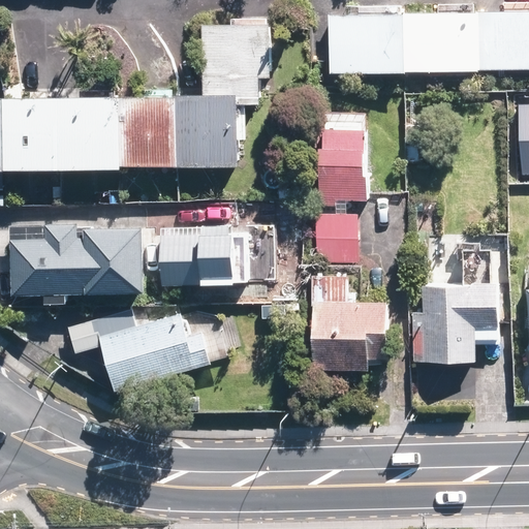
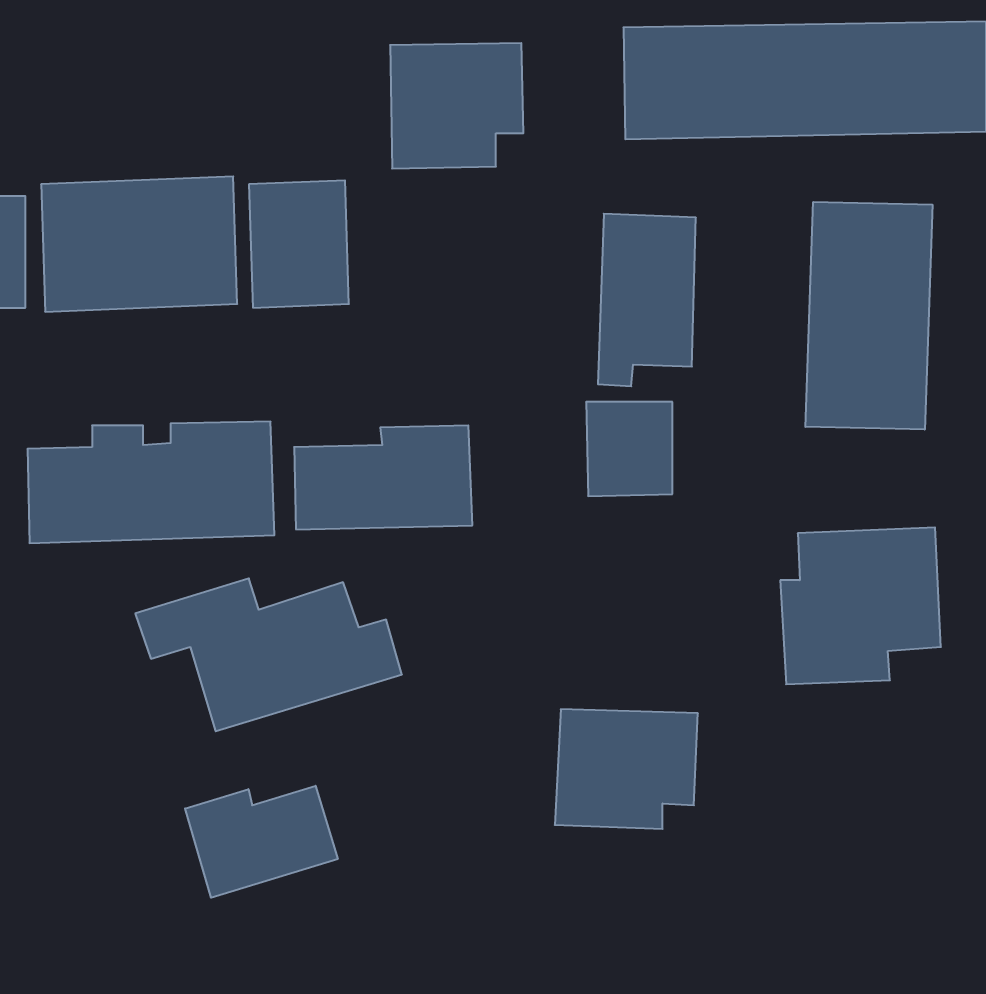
building: [191,96,242,165] -> none
building: none -> [805,202,932,430]
building: [309,305,384,368] -> [555,709,698,829]
building: none -> [185,786,338,898]

